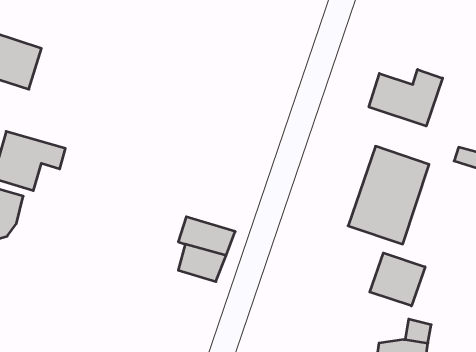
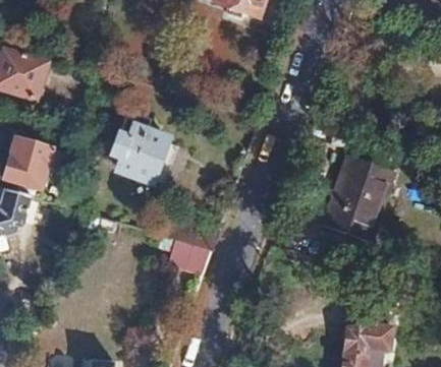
building: [369,69,443,126] -> none
building: none -> [113,111,178,183]
building: [370,253,425,306] -> none

